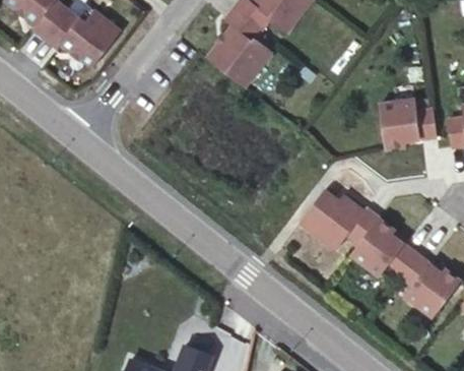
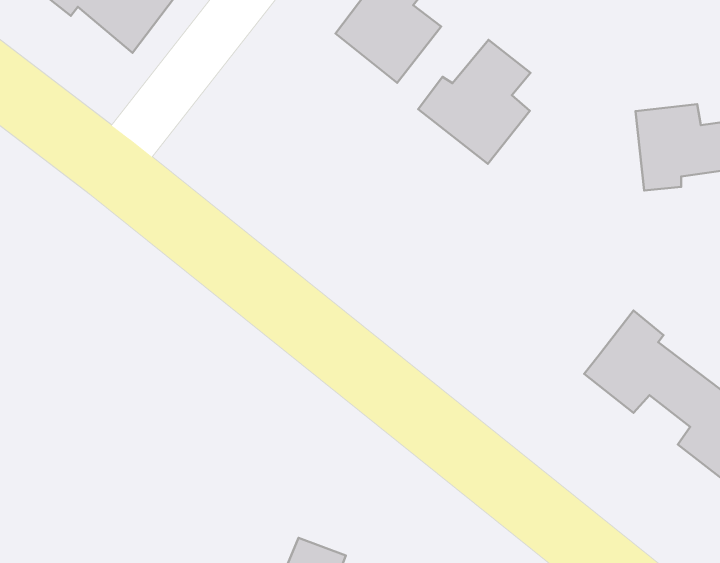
building: none -> [418,40,530,164]
building: [299,189,378,250] -> none

